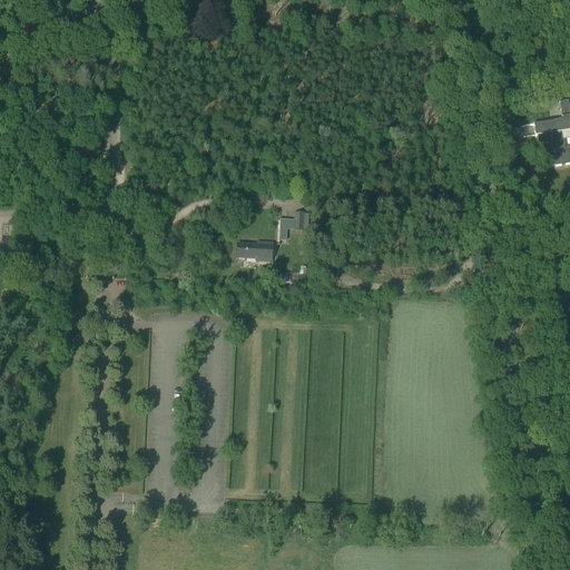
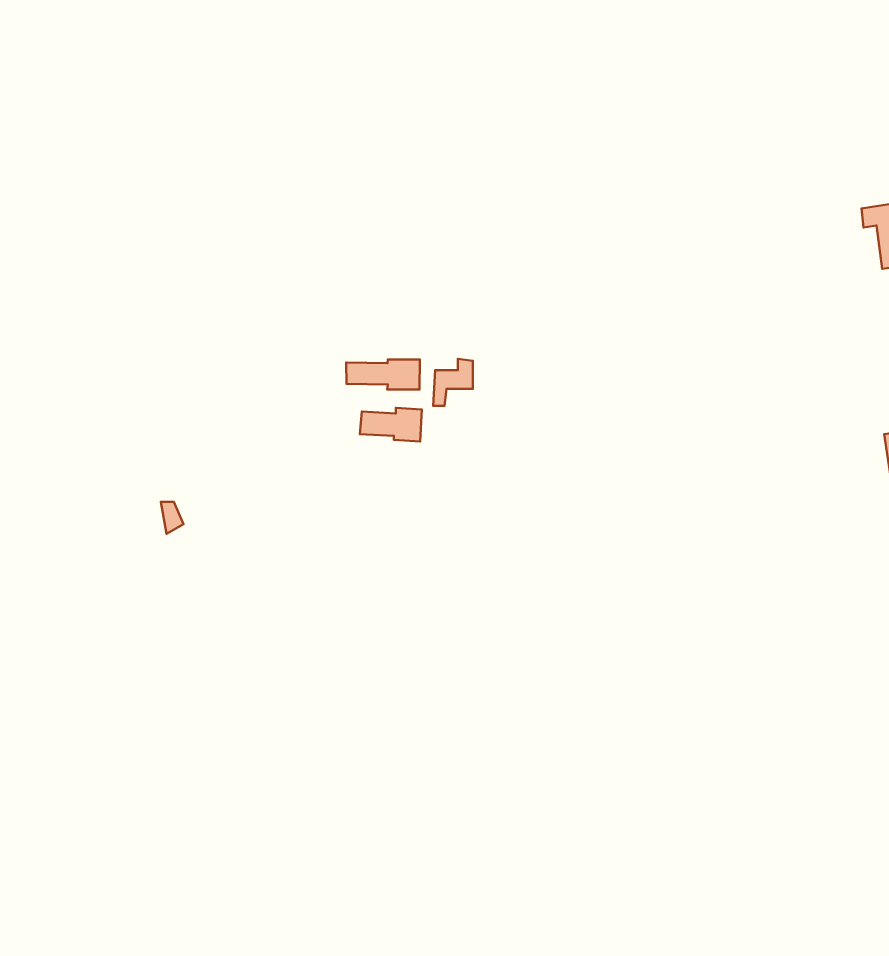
building: none -> [346,359,420,390]

